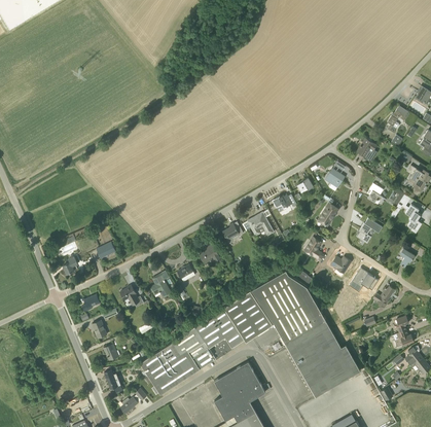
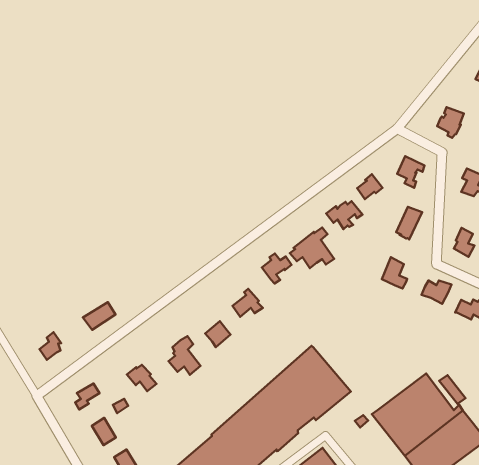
building: [251,271,326,343] -> none

